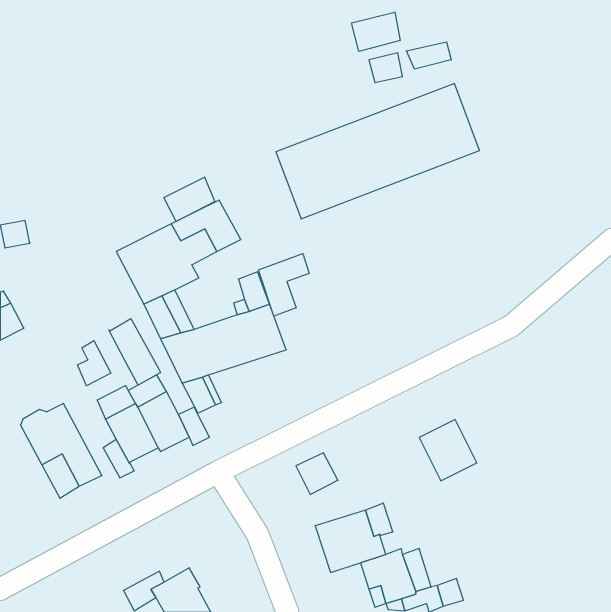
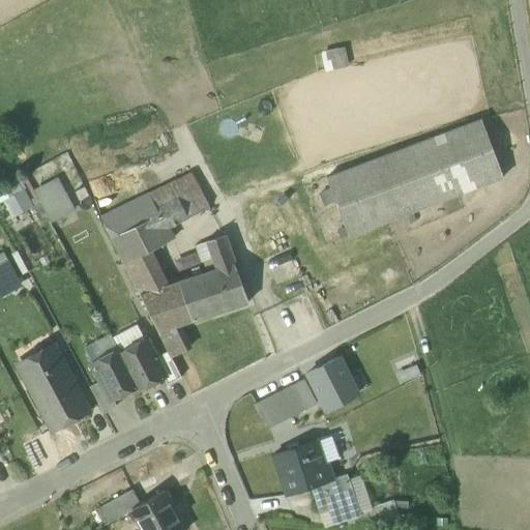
building: [352,12,400,51] -> none
building: [406,42,451,69] -> none
building: [276,84,480,219] -> [327,119,503,236]
building: [164,177,215,222] -> none
building: none -> [33,177,76,224]
building: [258,254,309,316] -> none
building: [109,319,161,385] -> none
building: [78,341,111,386] -> none
building: [419,420,477,481] -> [307,357,357,410]
building: none -> [281,379,317,415]

